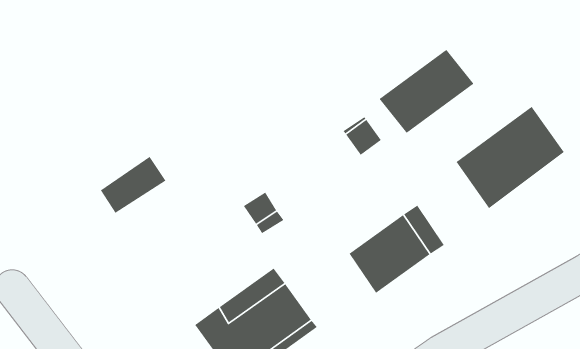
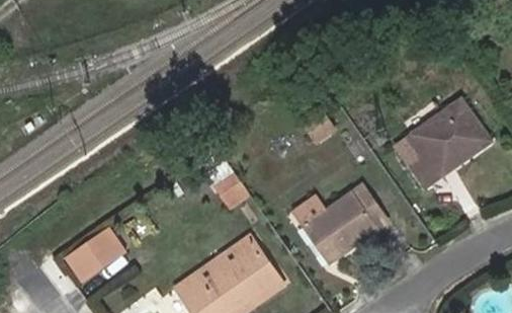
building: [379,49,474,134] -> none
building: [100,156,166,214] -> [71,229,127,279]

